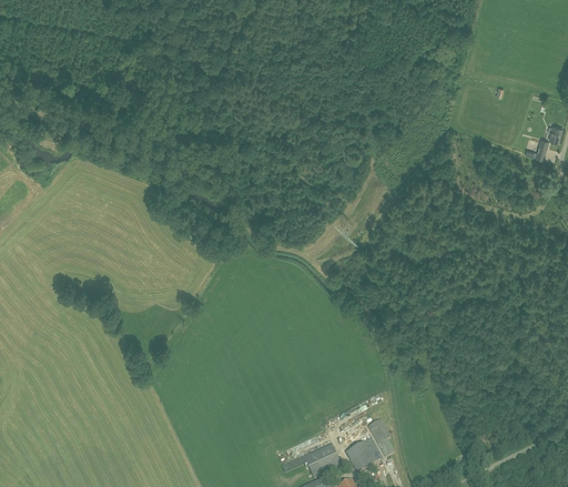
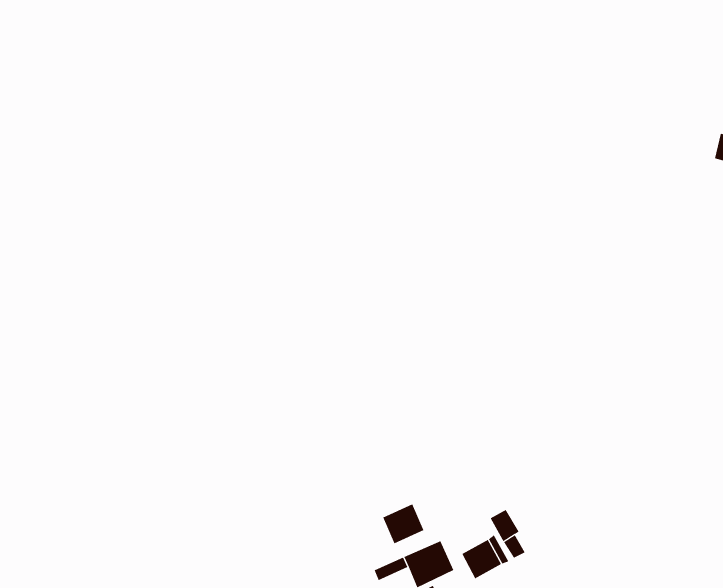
building: none -> [382,504,424,544]

